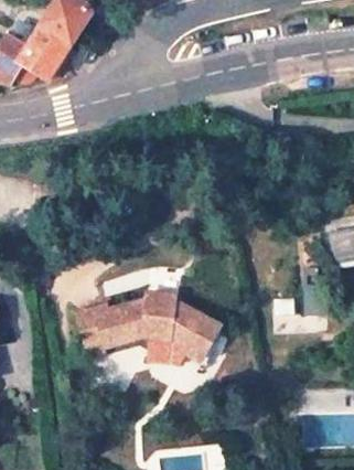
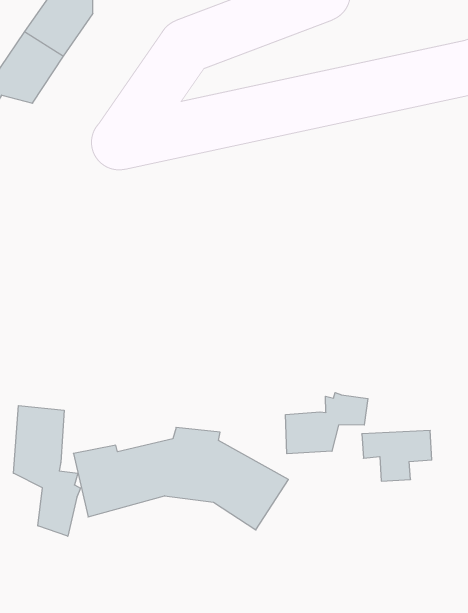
building: none -> [286,393,368,454]
building: none -> [13,406,81,536]

